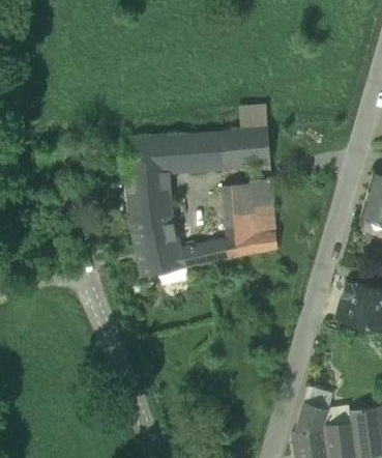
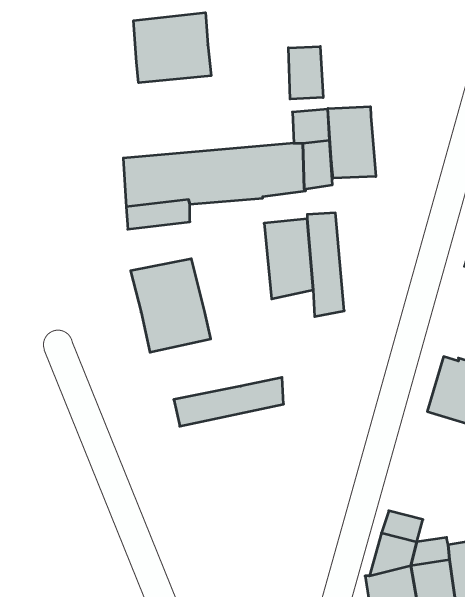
building: none -> [134,13,211,83]
building: none -> [288,46,323,99]
building: none -> [328,107,376,178]
building: [126,187,171,221] -> none
building: [180,234,257,268] -> [174,377,284,426]

